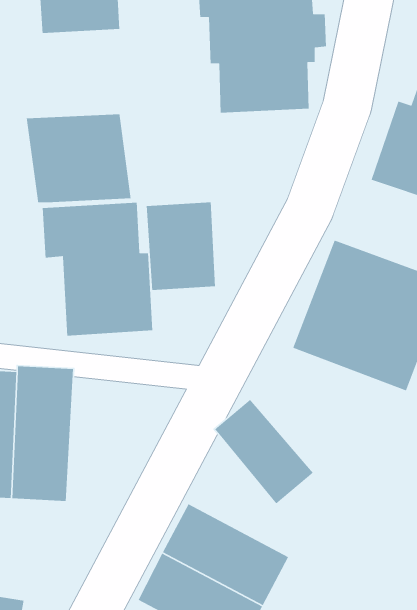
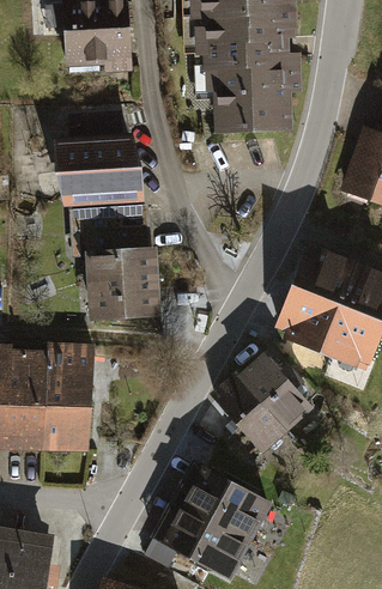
building: [146,201,216,291] -> none
building: none -> [239,350,315,431]

